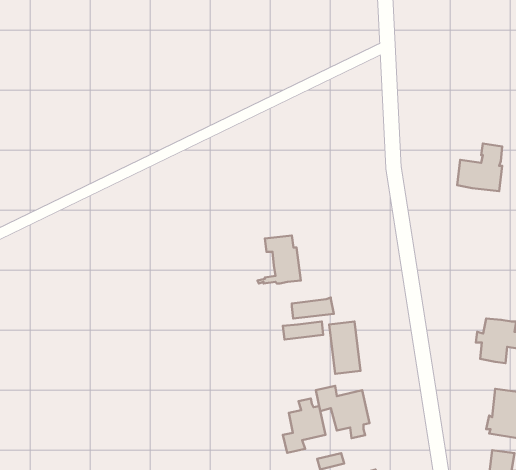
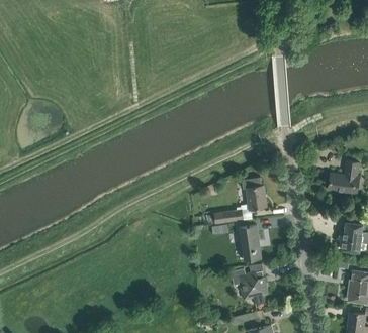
building: [457,143,502,191] -> [329,161,359,194]
building: [257,235,301,283] -> [237,178,266,210]
building: [283,398,326,453] -> none

